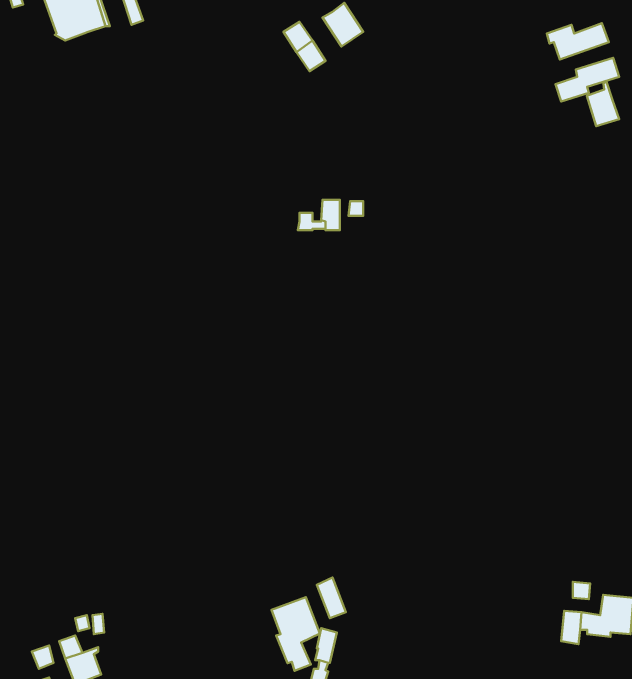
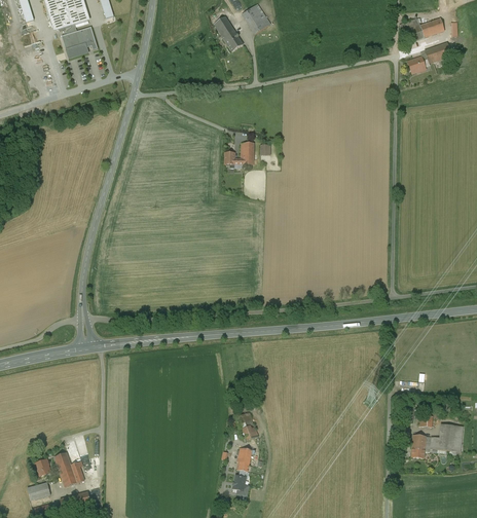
building: none -> [62,24,98,59]
building: [587,81,619,126] -> none
building: [272,597,320,671] -> none

